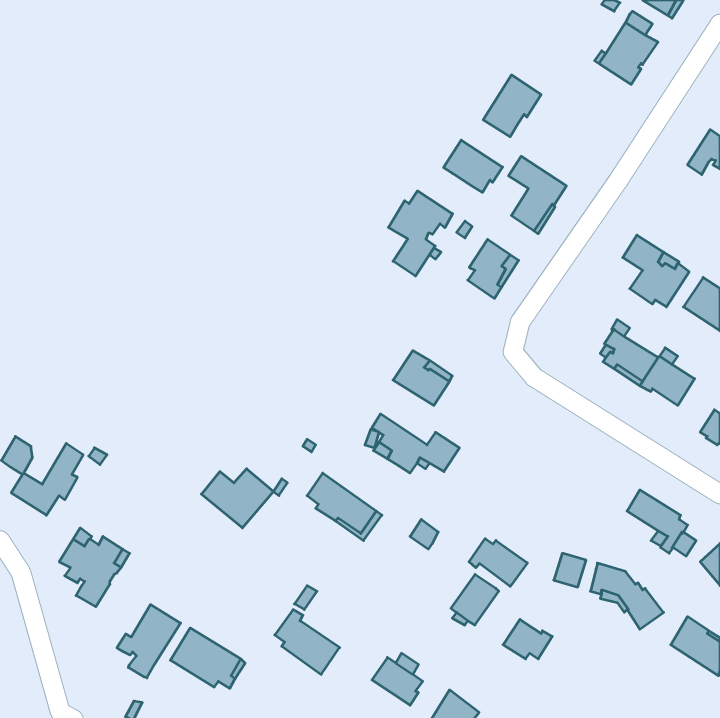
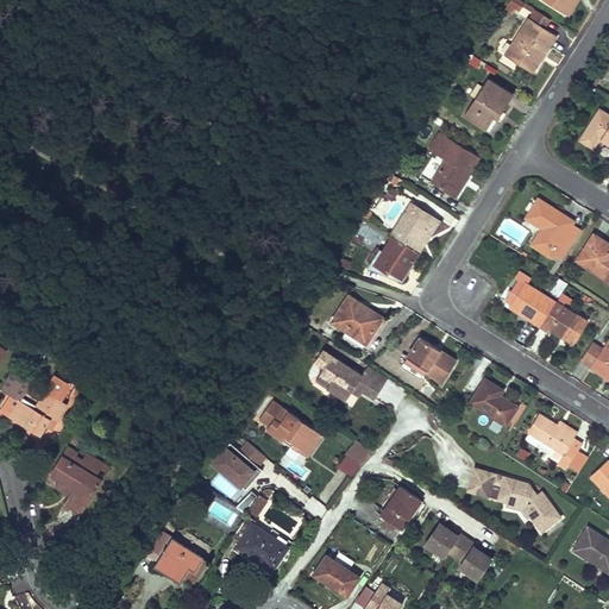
building: [483,75,541,137] -> [464,79,513,131]
building: [444,140,503,192] -> none
building: [388,191,453,276] -> none
building: none -> [375,237,417,280]
building: none -> [400,338,457,383]
building: none -> [471,379,517,425]
building: [201,469,273,528] -> [208,441,269,491]
building: [469,539,527,586] -> none
building: [117,605,181,678] -> none
building: none -> [454,539,492,580]

